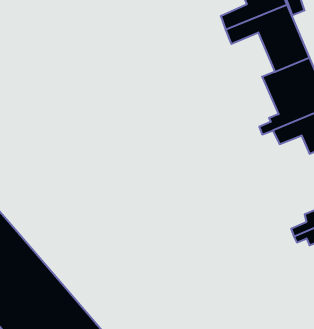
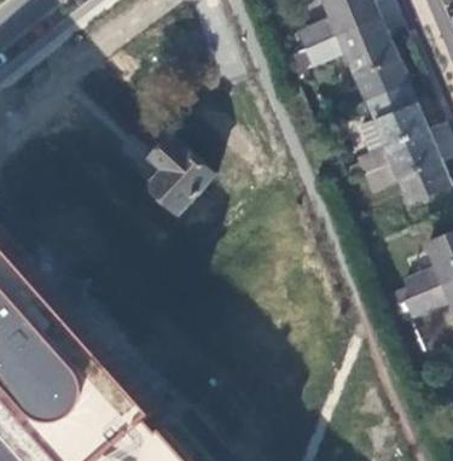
building: none -> [152,139,216,214]

